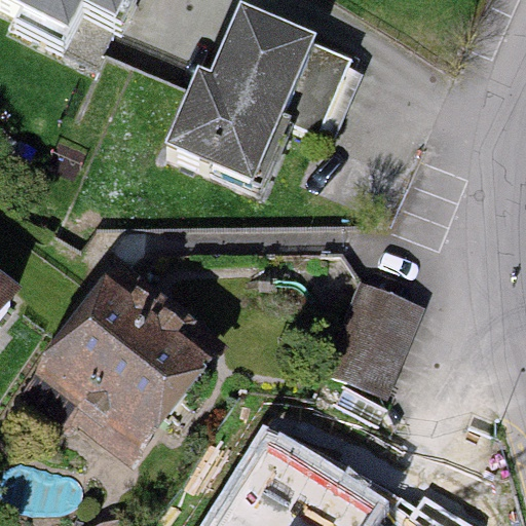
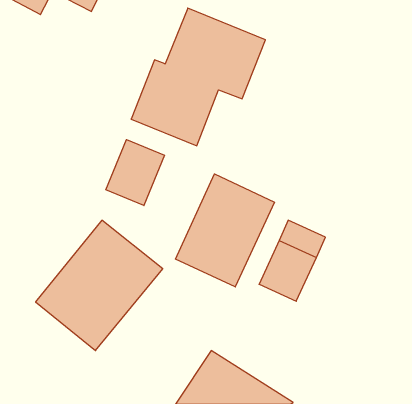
building: none -> [106,140,164,206]
building: none -> [176,174,274,287]

